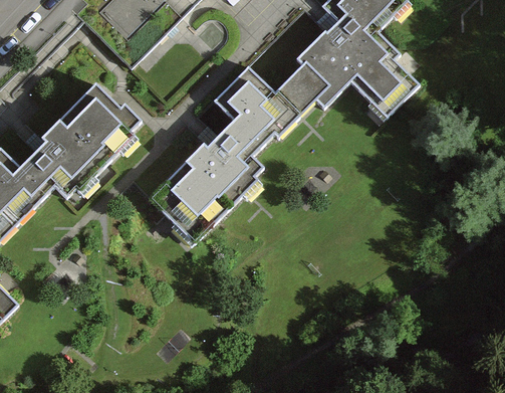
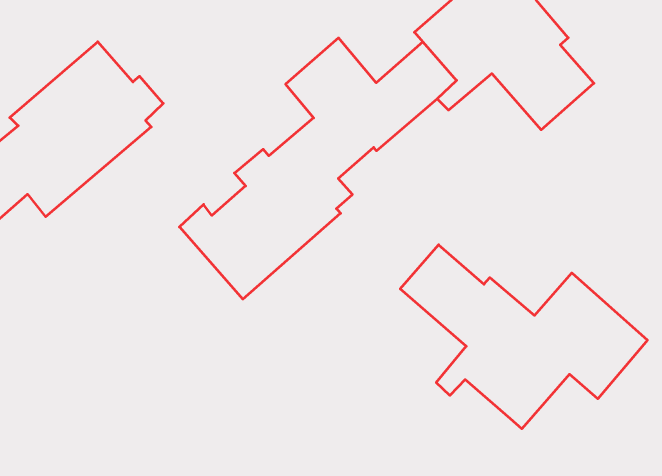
building: none -> [400,245,647,429]

